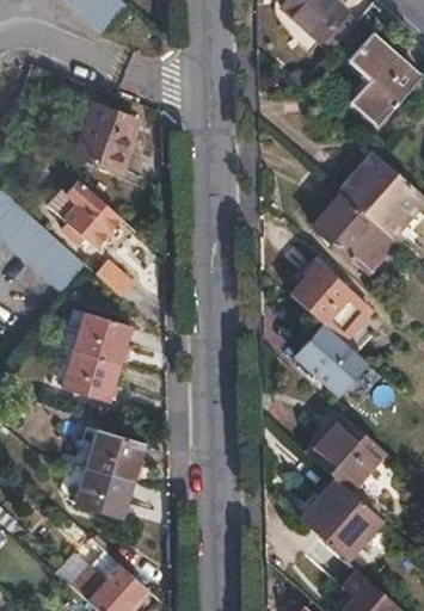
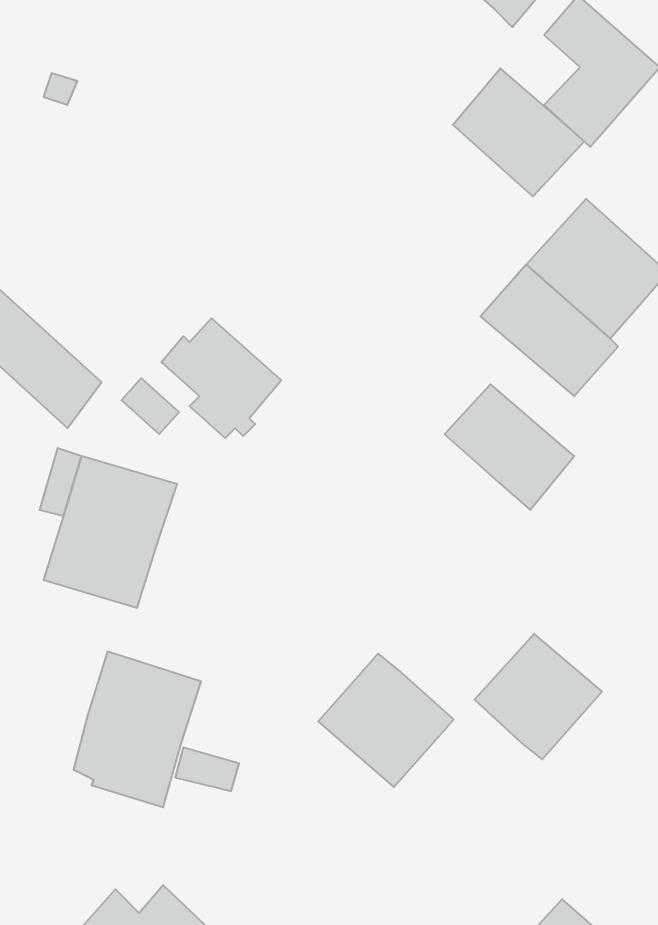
building: none -> [453,68,584,196]
building: [75,104,136,171] -> none
building: [49,180,121,252] -> [161,318,281,438]
building: [296,325,367,393] -> none
building: [301,481,382,561] -> [318,654,454,787]

